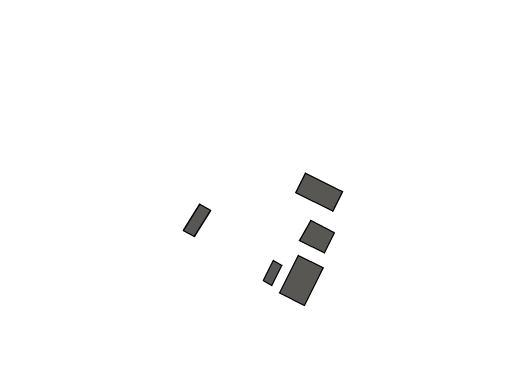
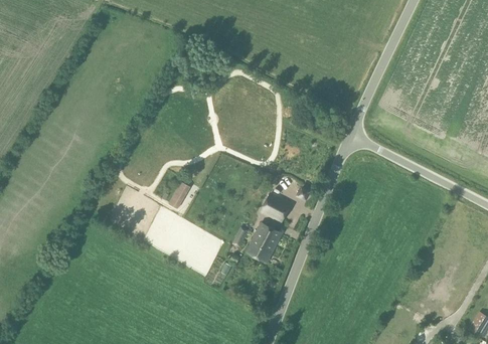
building: [296,173,343,211] -> none

